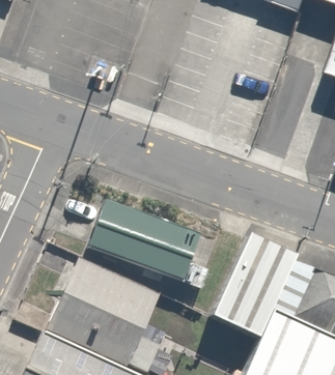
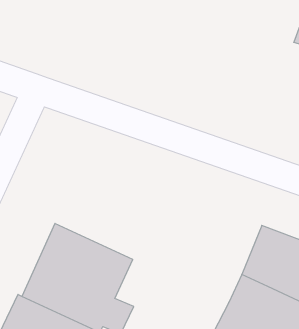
building: [84,201,205,290] -> none
building: [207,236,294,342] -> none

